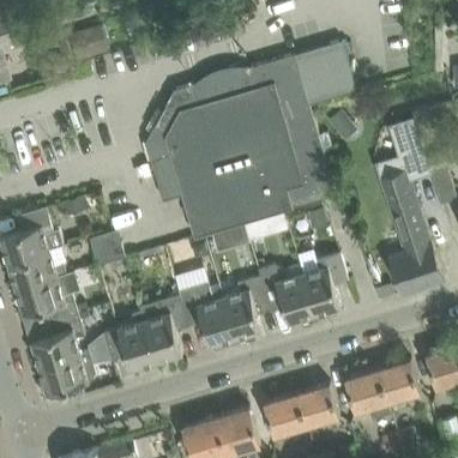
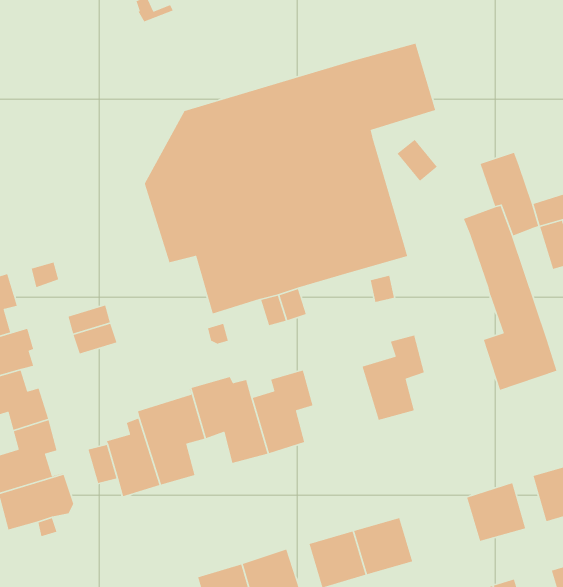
building: [66,25,104,61] -> none
building: [257,265,313,323] -> none
building: [343,369,390,418] -> none

